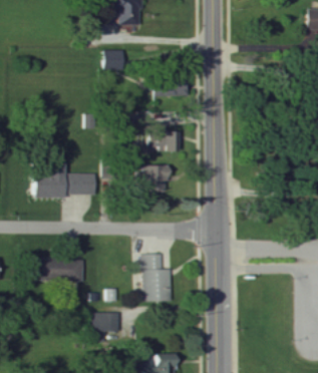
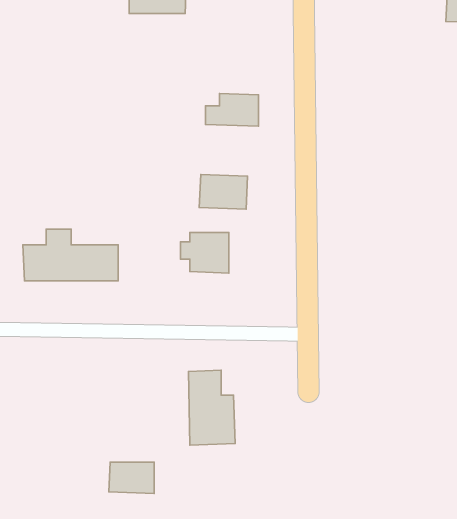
building: [103,49,124,68] -> none
building: [34,258,85,280] -> none

